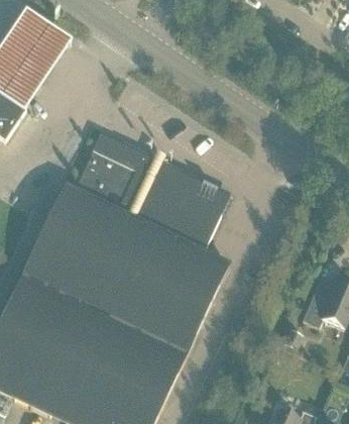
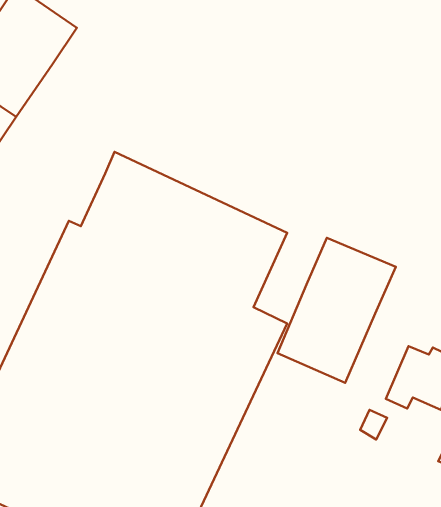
building: none -> [278,238,396,383]

